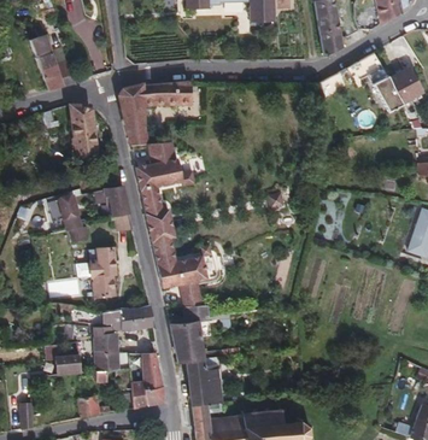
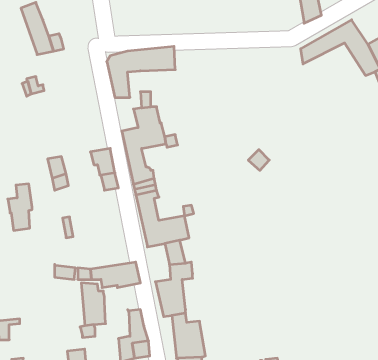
building: [69,106,96,156] -> none
building: [89,248,115,297] -> [8,184,32,230]
building: [43,344,81,376] -> none

